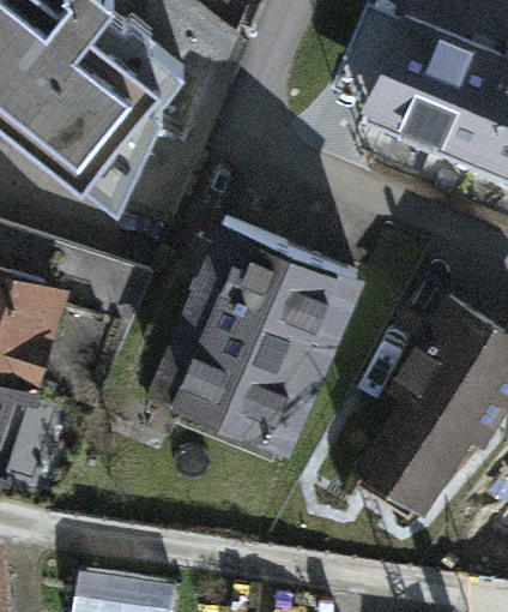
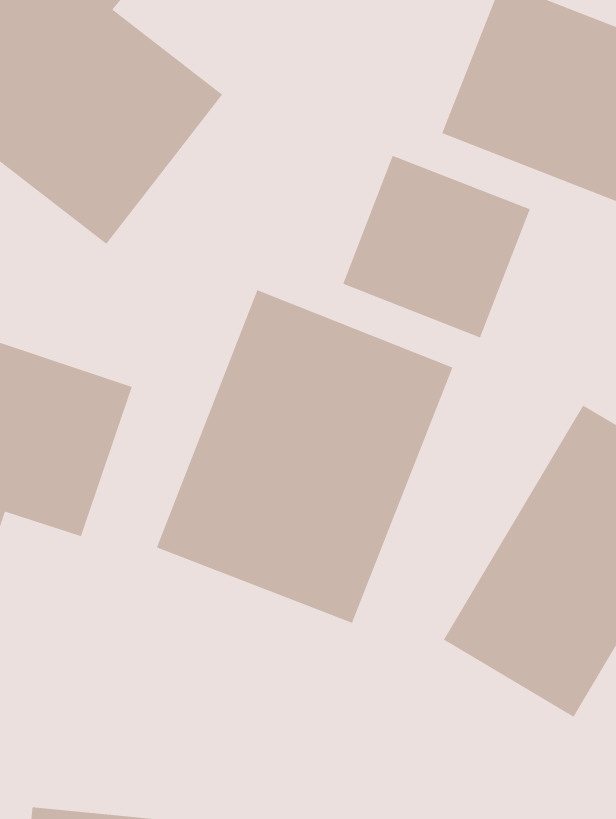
building: none -> [342,155,531,338]

